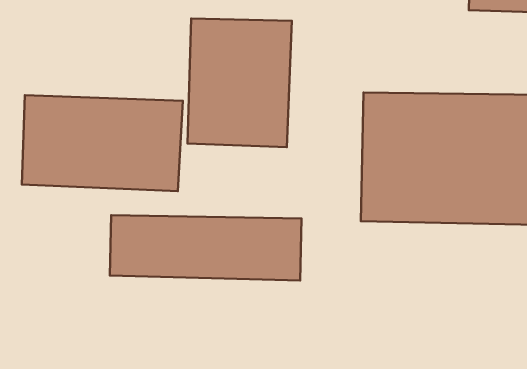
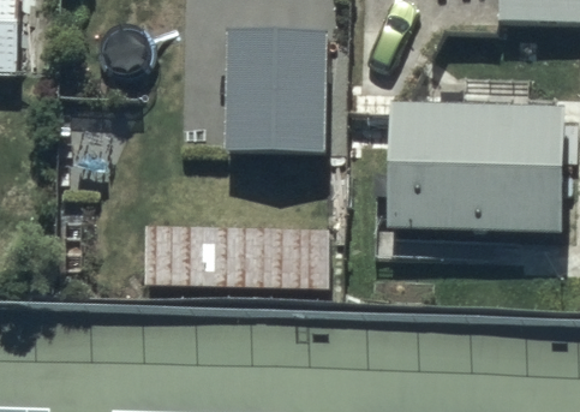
building: [22,95,183,191] -> none

